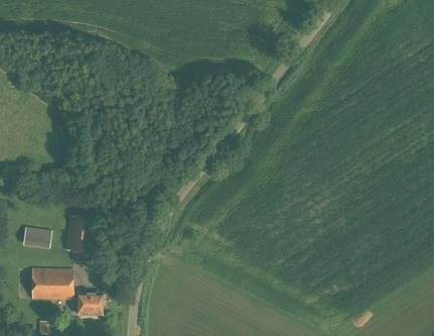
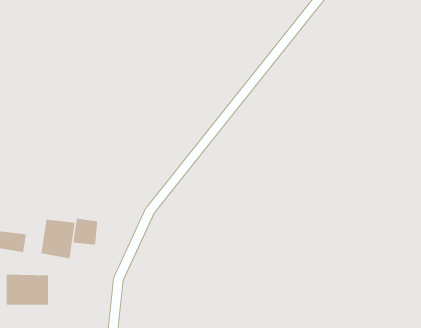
building: none -> [72,218,98,246]
building: [74,293,105,312] -> none

